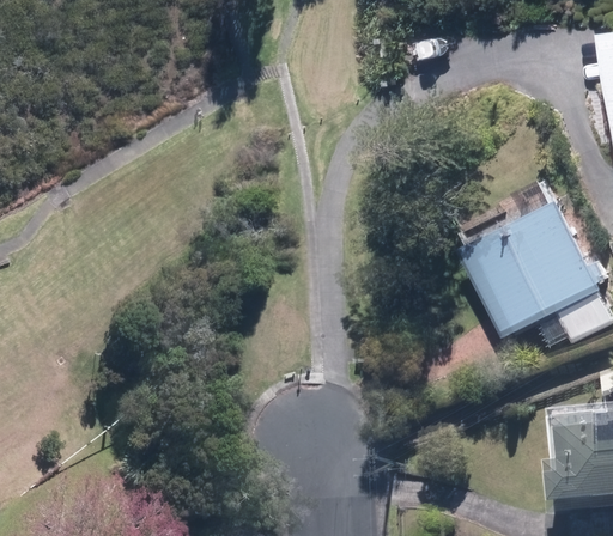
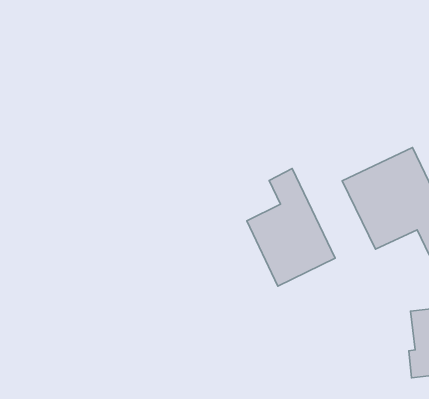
building: none -> [247,169,335,286]

